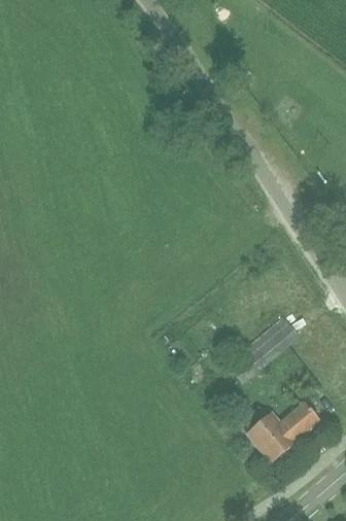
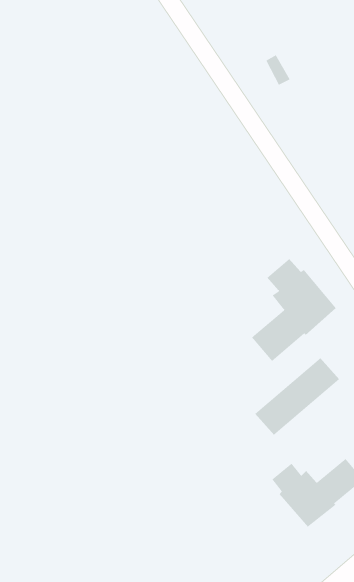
building: none -> [251,258,336,362]

